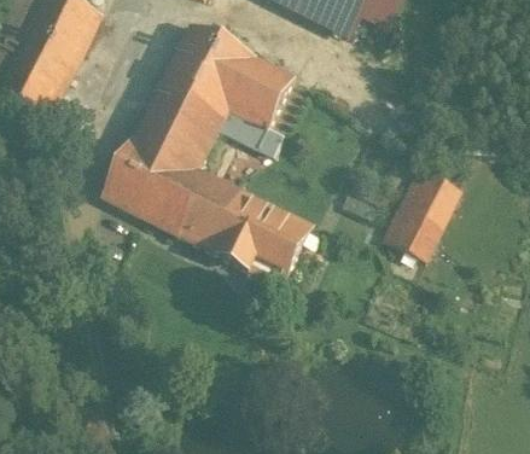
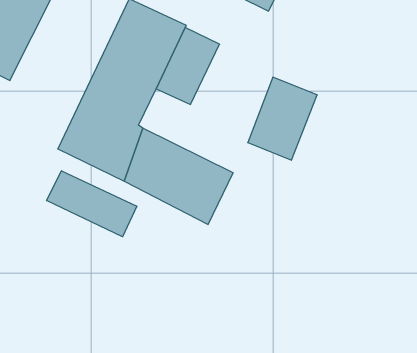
building: [388,161,468,257] -> [248,77,317,160]
building: none -> [47,171,137,237]

